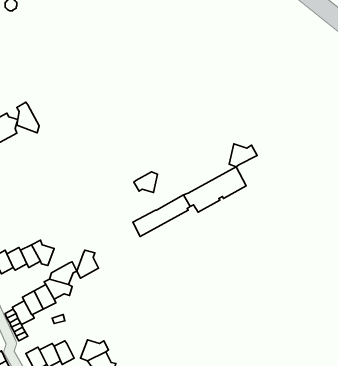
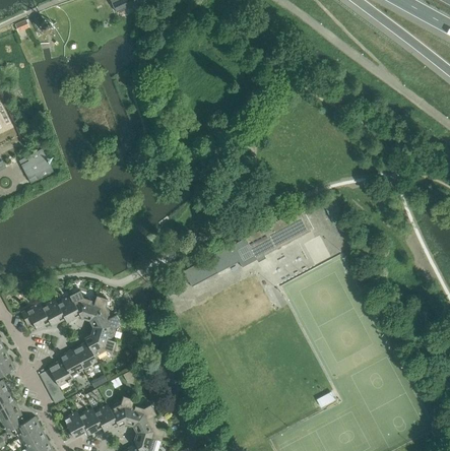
building: [17,102,39,133] -> none
building: [229,144,257,167] -> none
building: [134,172,157,193] -> none
building: [77,250,98,278] -> [86,297,111,328]
building: none -> [108,396,133,427]

